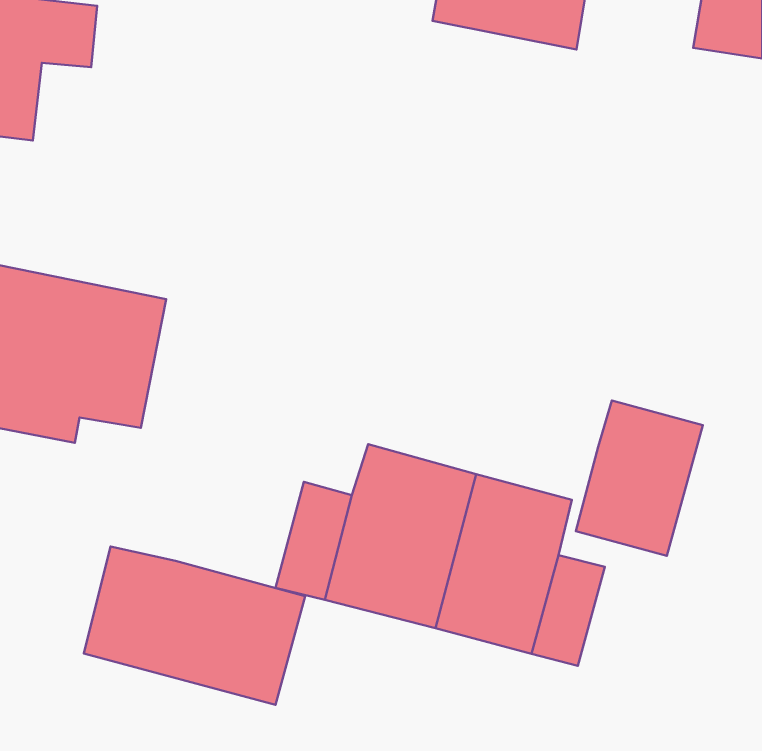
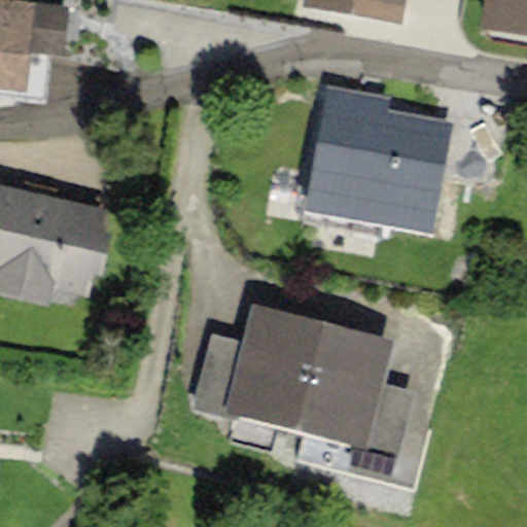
building: none -> [310,85,452,234]
building: [576,400,703,556] -> none
building: [84,546,305,705] -> none

